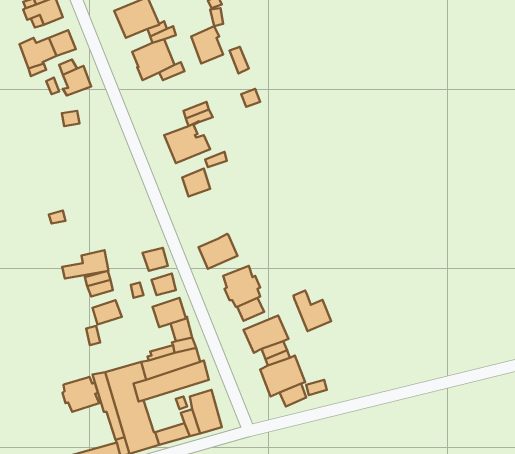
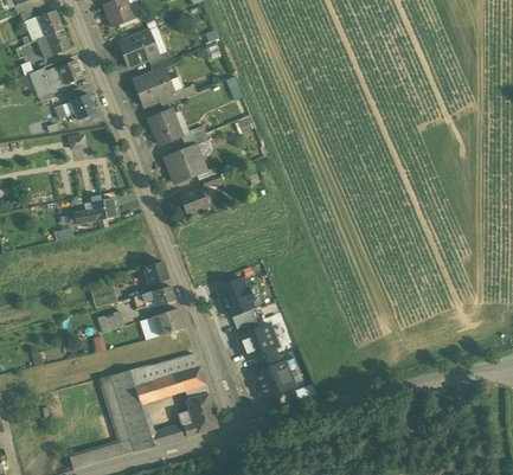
building: [191,26,223,63] -> [149,110,179,145]
building: [199,234,237,269] -> none
building: [62,250,108,278] -> [73,198,116,224]
building: [293,291,331,331] -> none
building: [62,377,99,412] -> none

